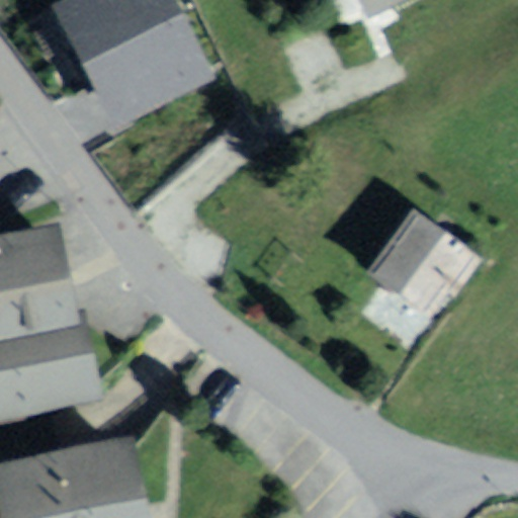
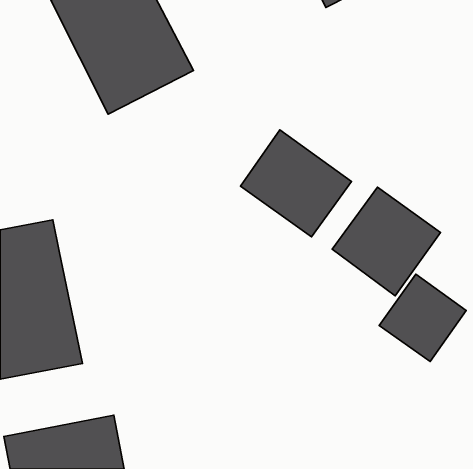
building: none -> [240,130,351,237]
building: none -> [379,274,466,362]

